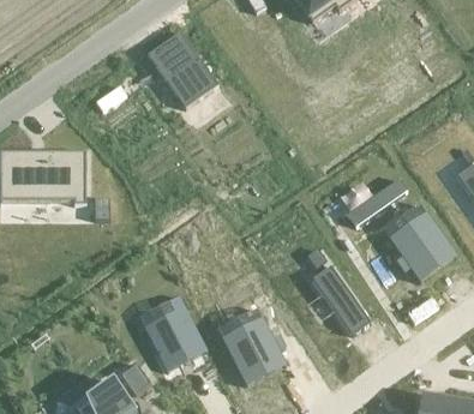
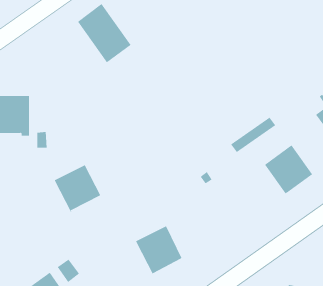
building: [312,266,370,335] -> none
building: [143,307,205,370] -> [54,165,102,212]

